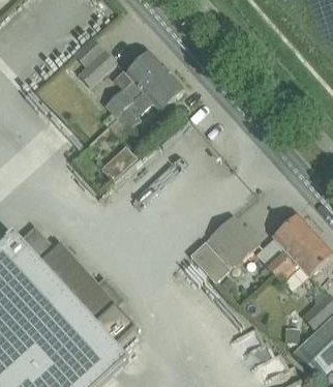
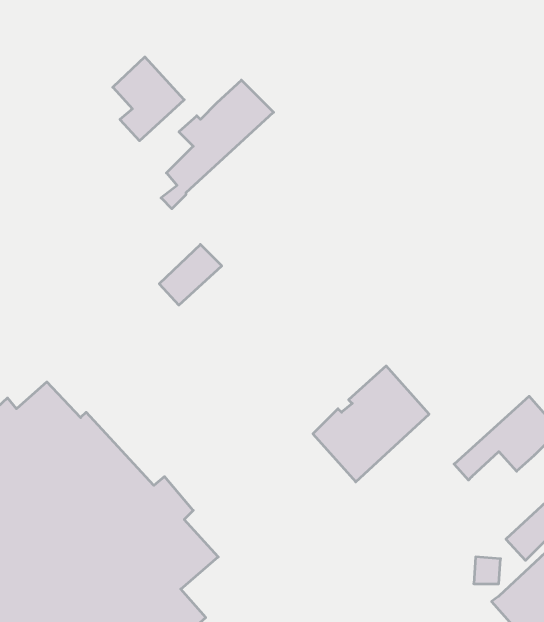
building: [105,69,183,140] -> none
building: [253,214,313,273] -> none

